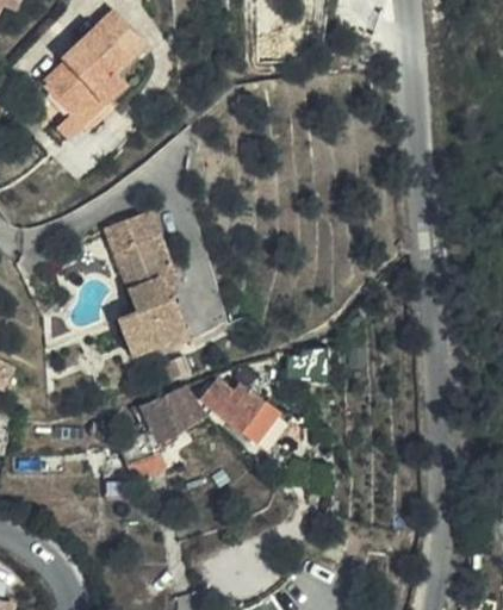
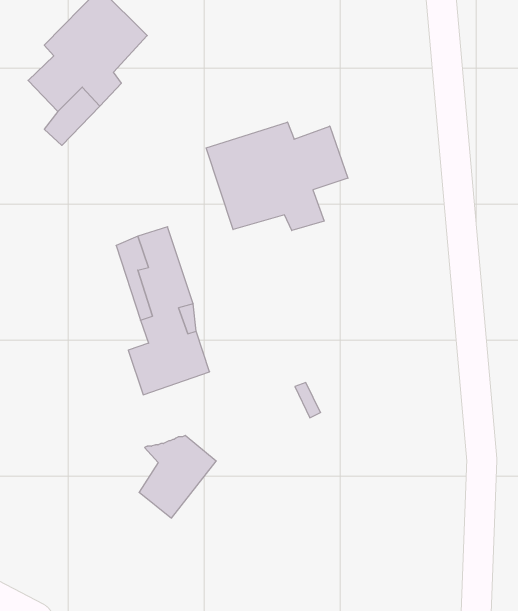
building: none -> [206,122,348,231]
building: [195,385,278,443] -> none

